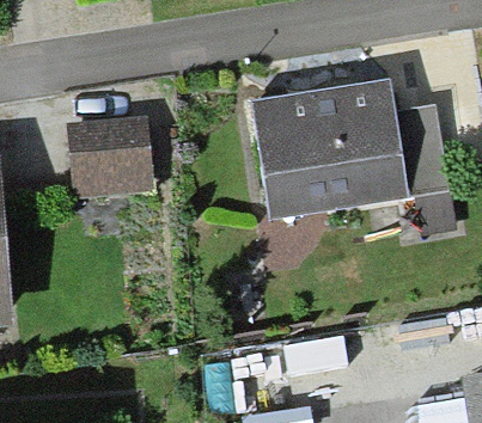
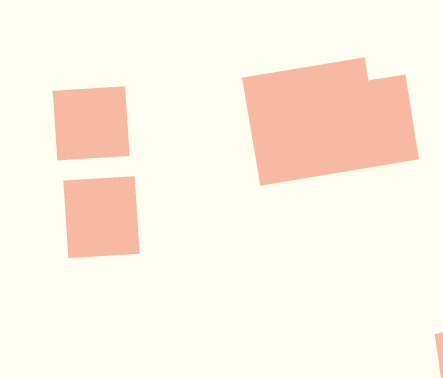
building: none -> [63,175,140,259]

